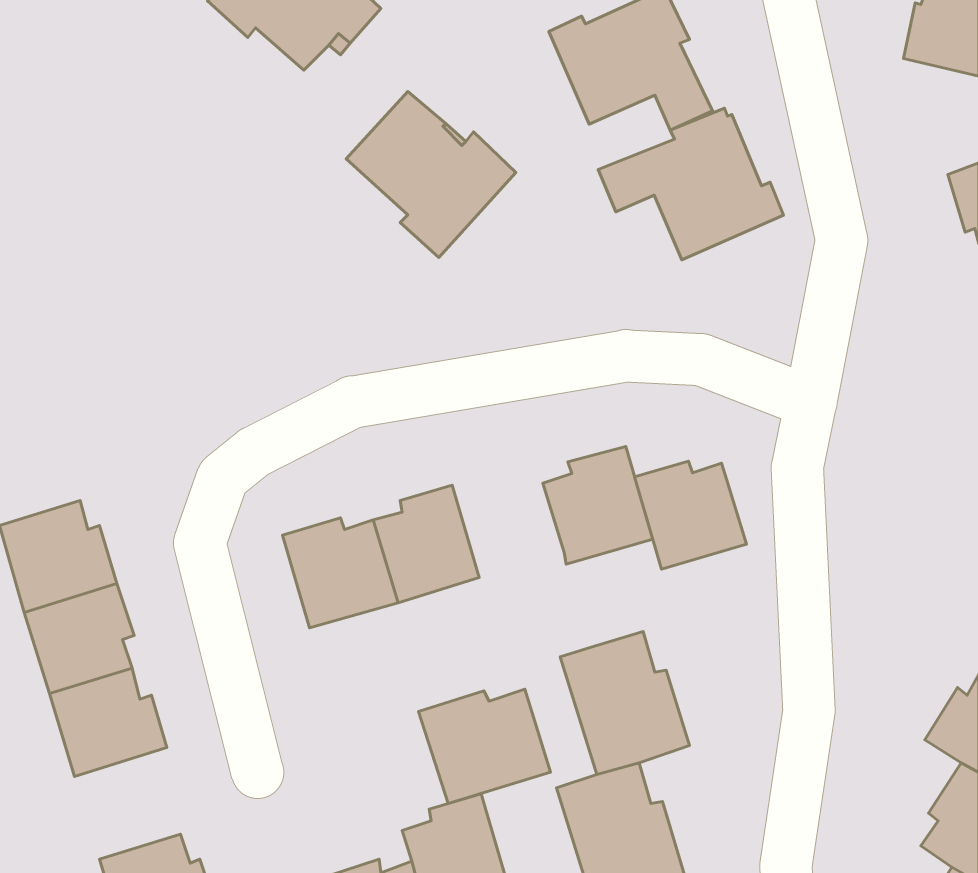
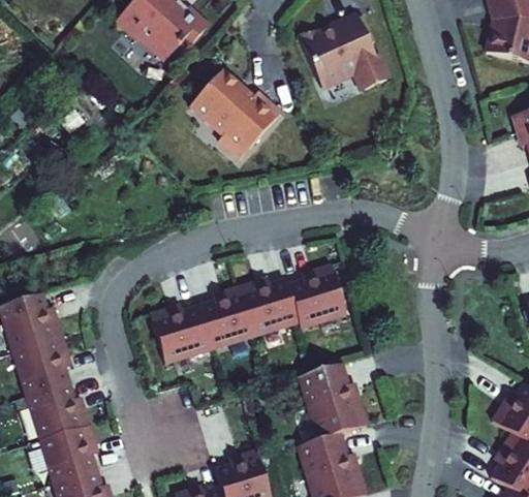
building: [598,108,783,260] -> none
building: [635,461,746,569] -> [243,275,303,333]
building: [418,689,551,803] -> none
building: none -> [40,424,98,484]

